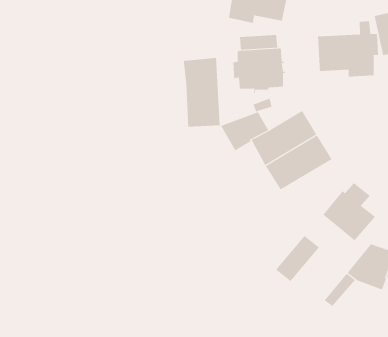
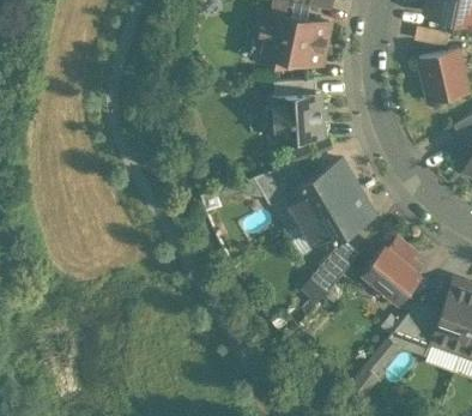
building: [318,20,379,78] -> none
building: [183,57,220,128] -> none
building: [275,235,320,282] -> [310,240,358,290]

